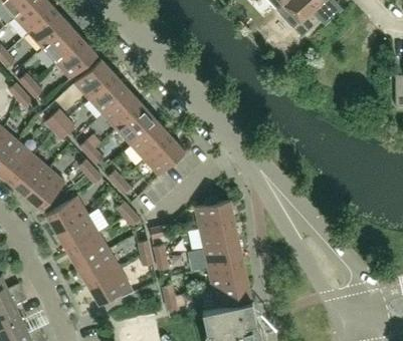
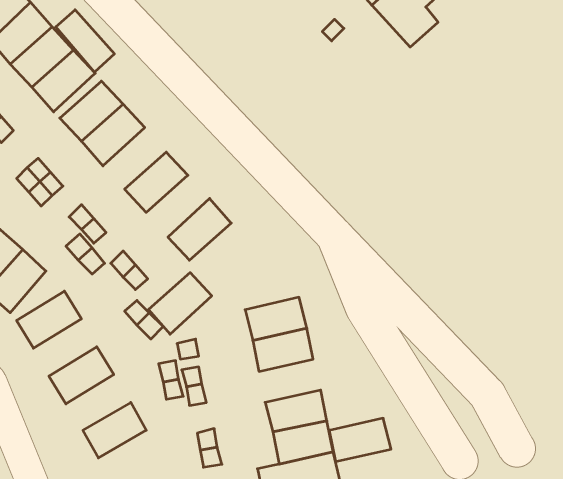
building: none -> [56,10,114,72]
building: [102,89,143,129] -> none
building: [130,120,171,160] -> [148,273,212,334]
building: [56,214,97,251] -> none
building: [203,240,243,268] -> [329,418,391,462]
building: [77,250,120,286] -> none

